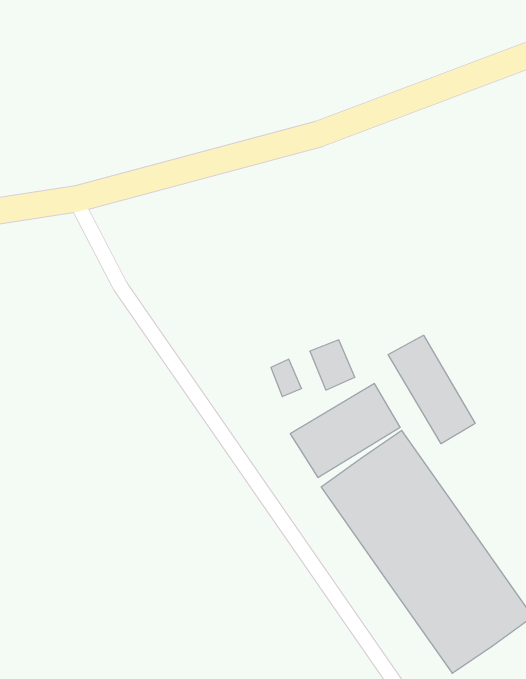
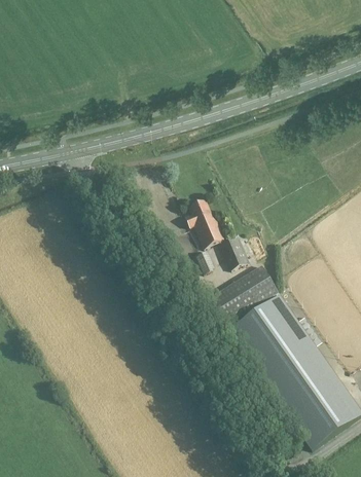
building: none -> [184,199,223,247]
building: [388,335,475,444] -> none

